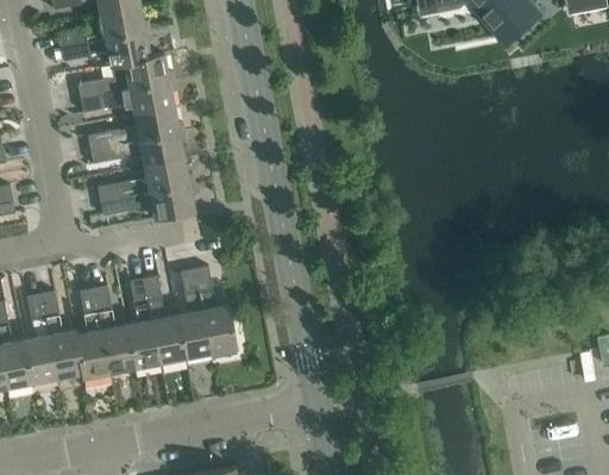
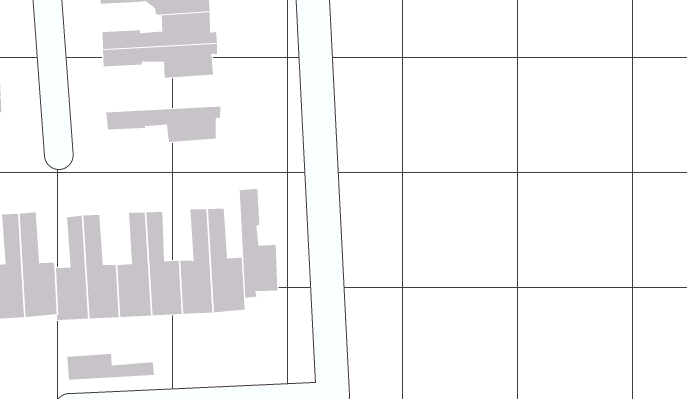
building: [96,158,193,201] -> none
building: none -> [239,188,278,299]
building: none -> [67,353,154,381]

